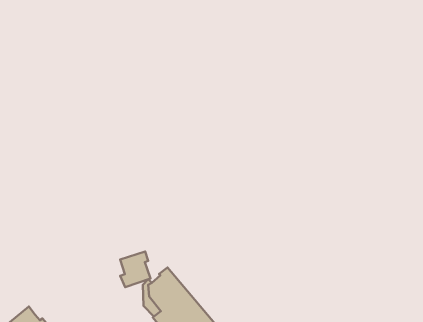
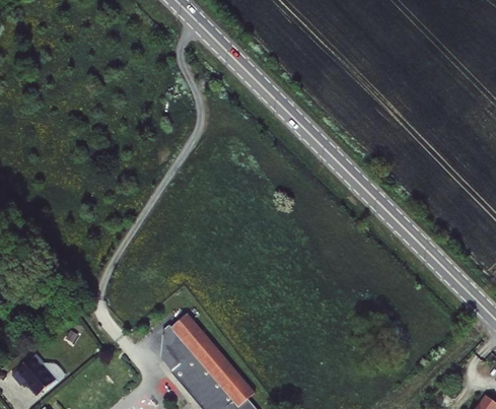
building: [120,252,151,287] -> none

